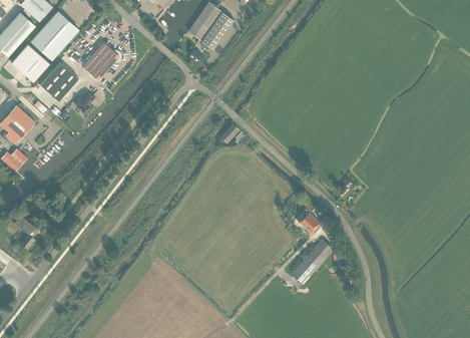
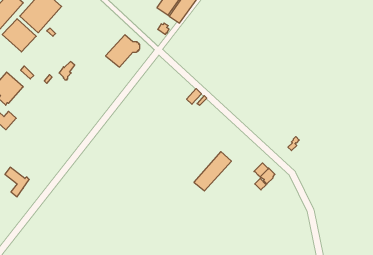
building: [81,42,120,79] -> [106,35,140,67]
building: [39,62,77,101] -> none
building: [290,239,333,284] -> [194,152,231,191]

